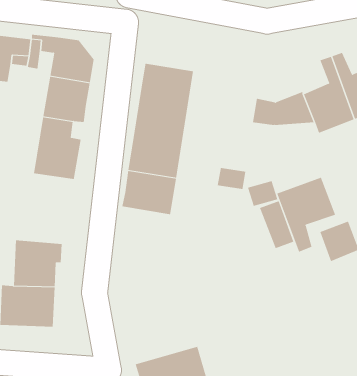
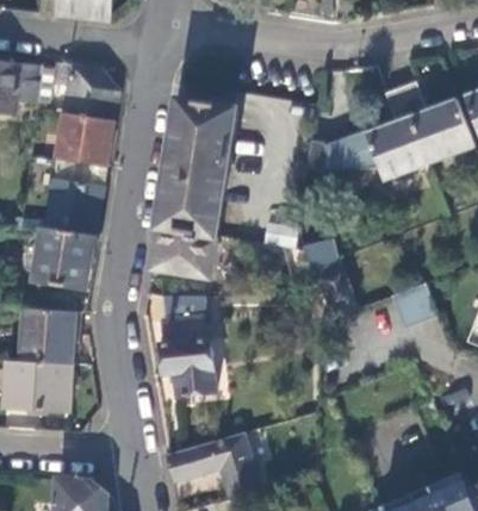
building: none -> [33,228,94,289]
building: [276,177,336,252] -> none
building: none -> [157,294,215,395]

